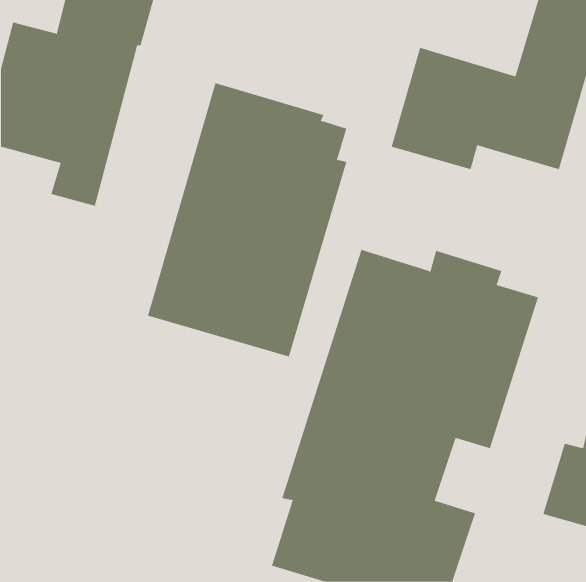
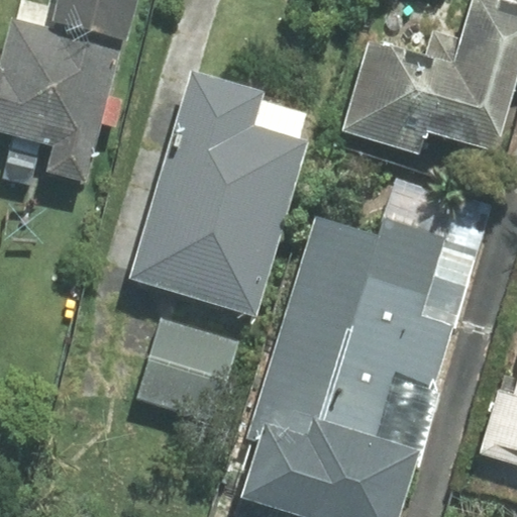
building: none -> [137,319,236,417]

